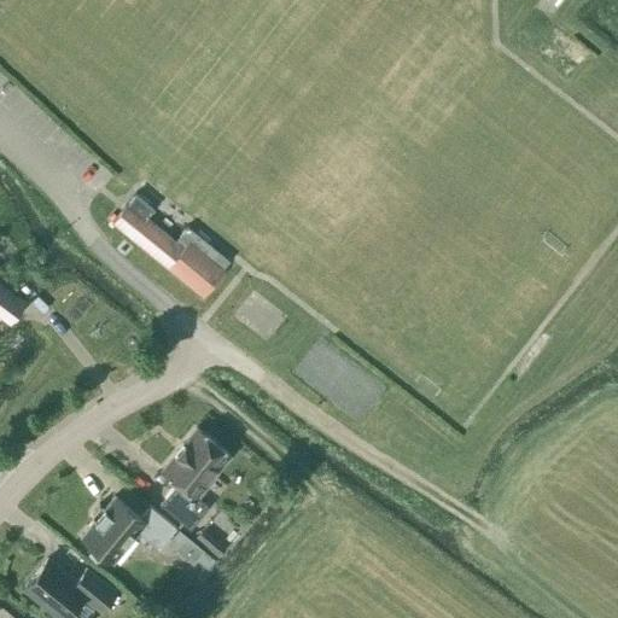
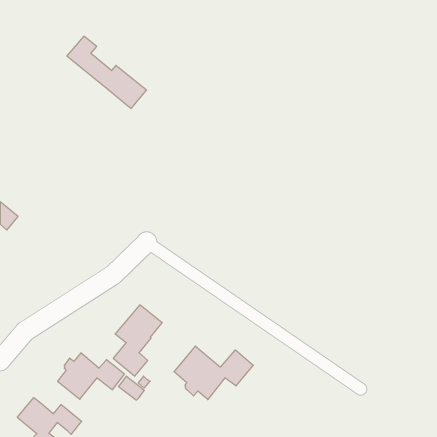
building: [113,196,226,297] -> [67,36,147,108]
building: none -> [174,346,253,400]

